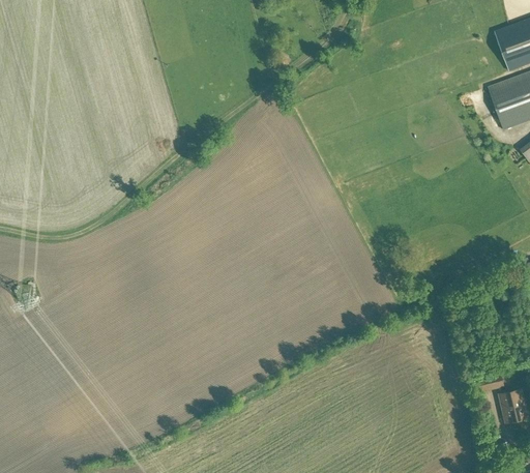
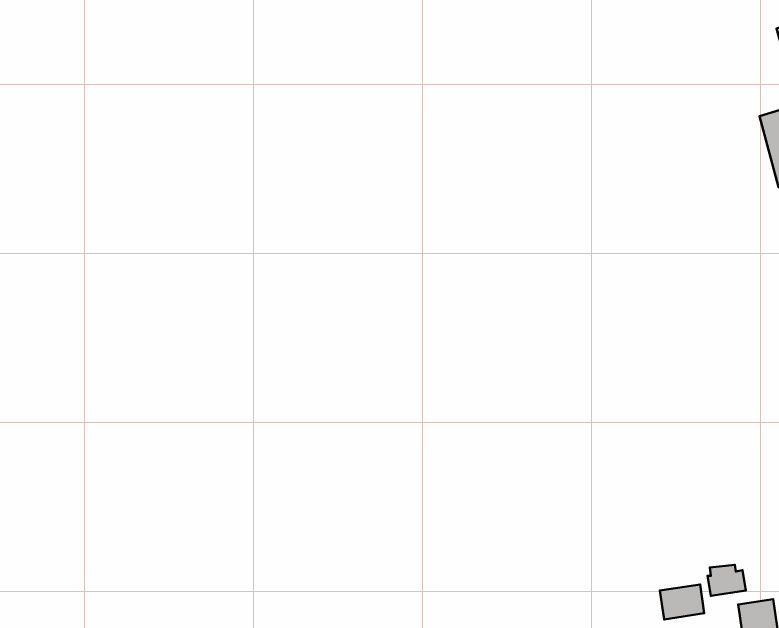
building: none -> [660,584,704,619]

